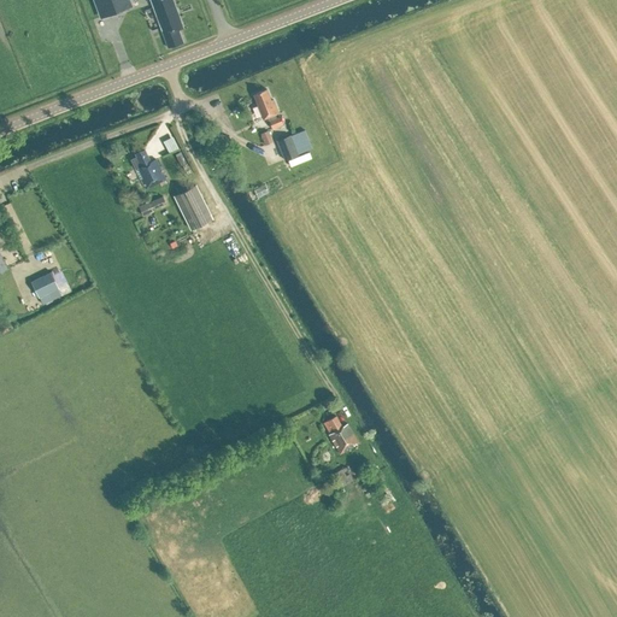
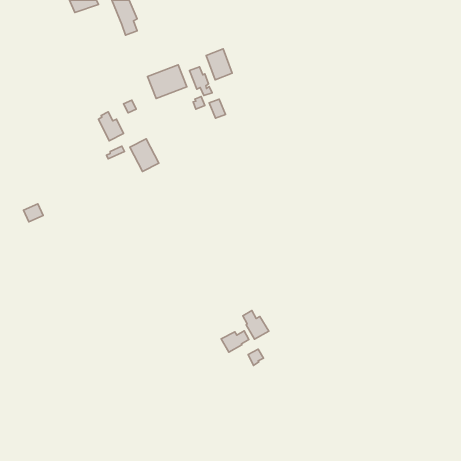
building: none -> [206,49,232,80]
building: none -> [147,65,187,99]
building: none -> [221,331,249,352]

